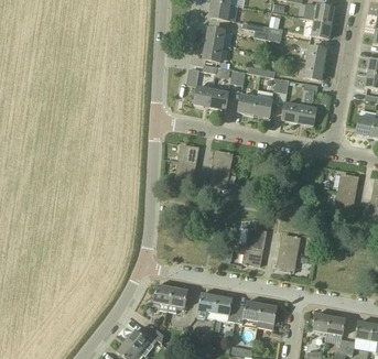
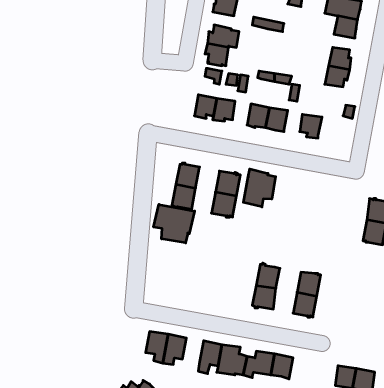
building: [298,89,316,126] -> none
building: none -> [243,169,276,207]
building: none -> [154,204,195,243]

